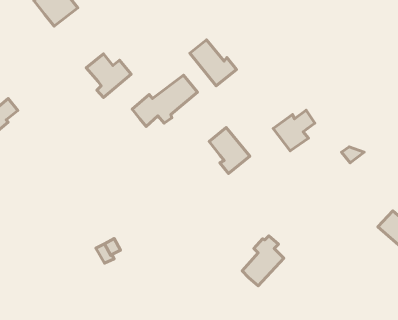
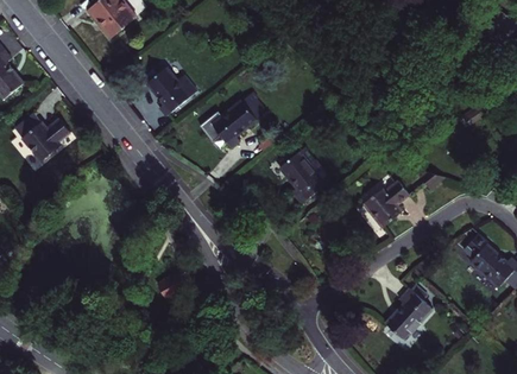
building: [190,40,237,86] -> none
building: [273,110,315,151] -> [365,182,411,227]
building: [242,236,284,286] -> [385,284,431,340]

